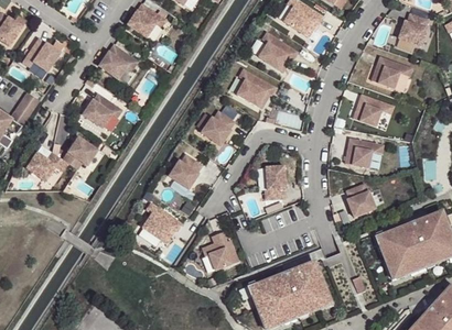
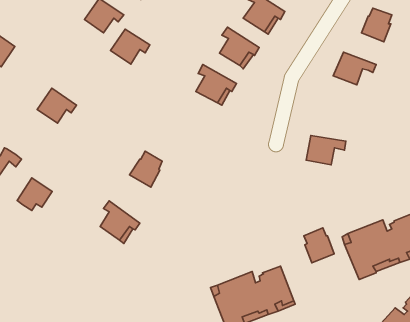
building: [98,45,137,79] -> [110,29,150,64]
building: [352,94,392,125] -> none
building: [201,110,235,145] -> none
building: [60,134,94,166] -> [17,178,52,211]
building: [265,164,287,198] -> none
building: [346,183,376,217] -> [304,228,334,263]
building: [201,231,238,270] -> none

